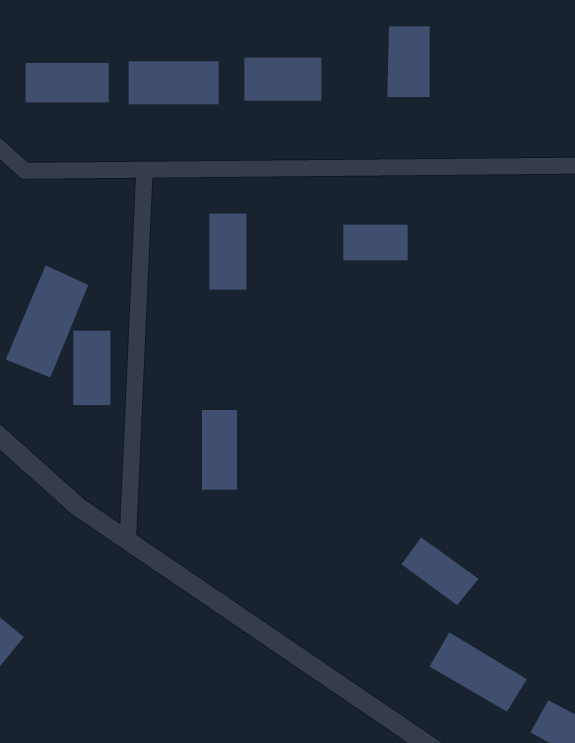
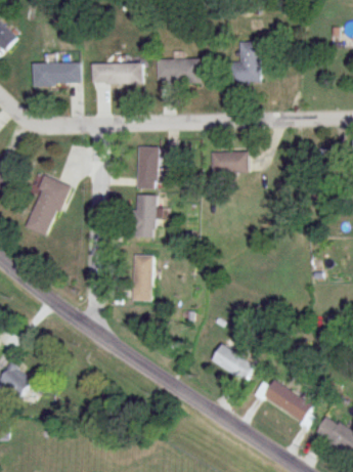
building: [73,330,111,406] -> [133,196,155,238]
building: [400,537,479,606] -> [211,343,255,382]

